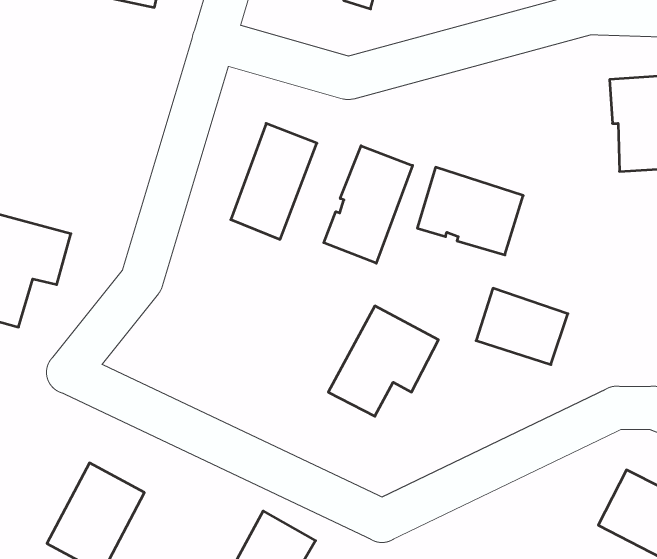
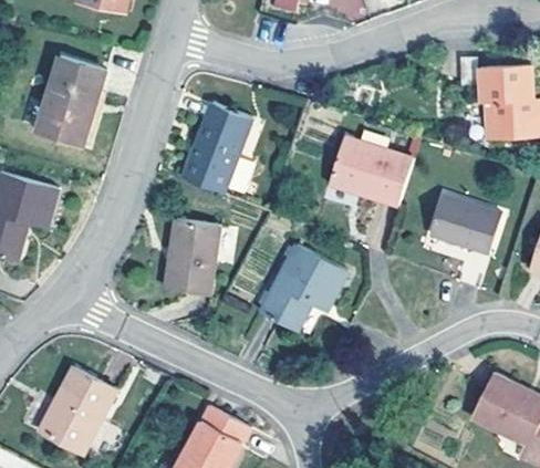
building: none -> [37,54,106,145]
building: [324,146,413,263] -> none
building: none -> [165,217,220,294]
building: [476,288,568,365] -> [429,193,501,252]

